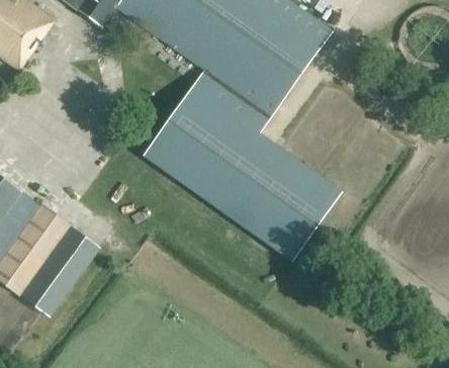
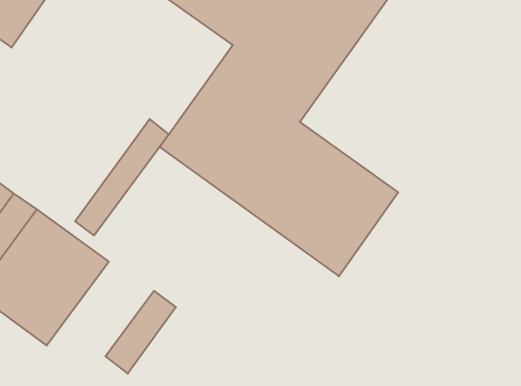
building: none -> [75,119,169,235]
building: none -> [105,291,176,374]

